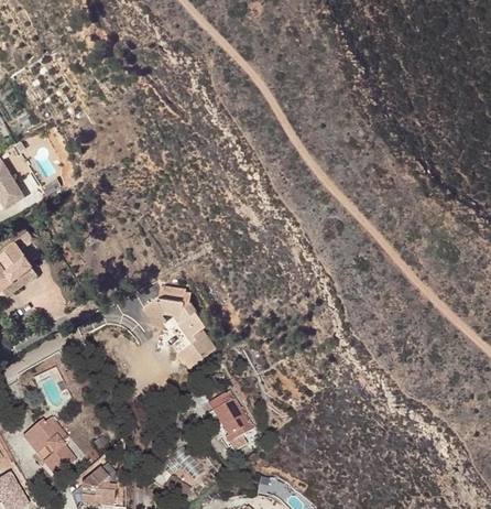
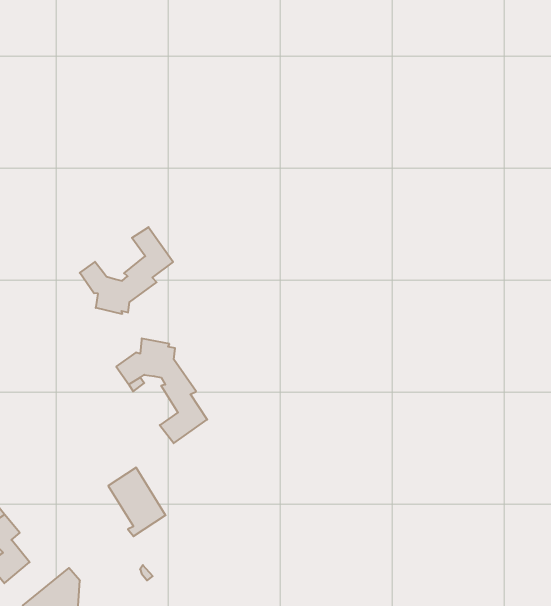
building: none -> [80,227,173,314]
building: [209,391,254,445] -> [108,468,166,536]

